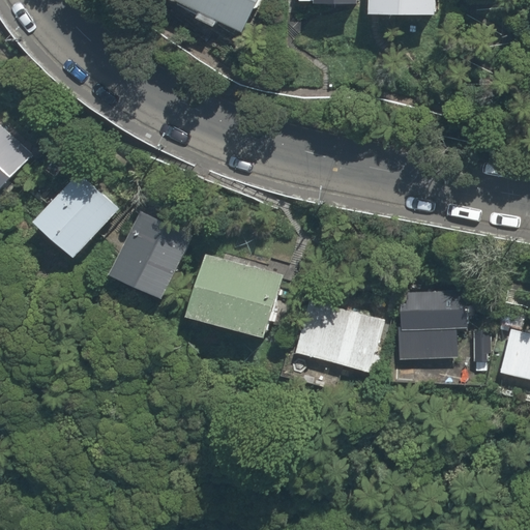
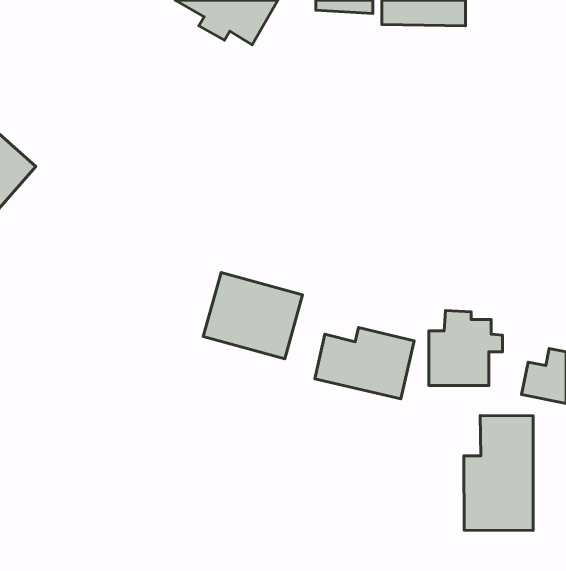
building: [37,181,117,253] -> none
building: [108,207,194,297] -> none
building: none -> [464,415,533,531]

